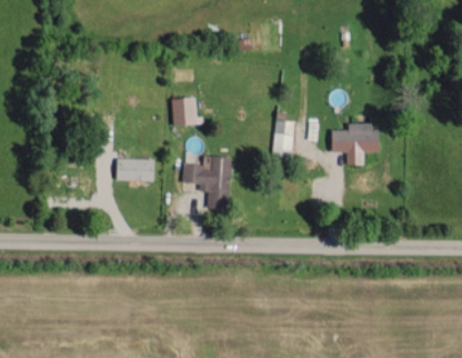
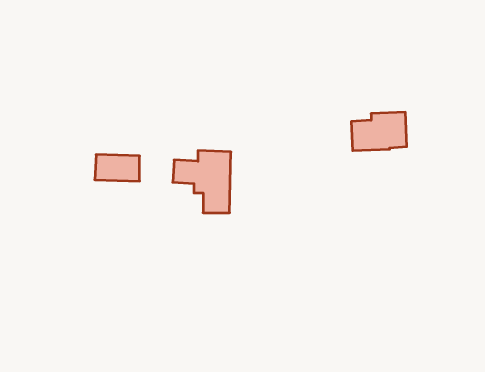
building: [172,98,199,126] -> none
building: [274,121,293,156] -> none

